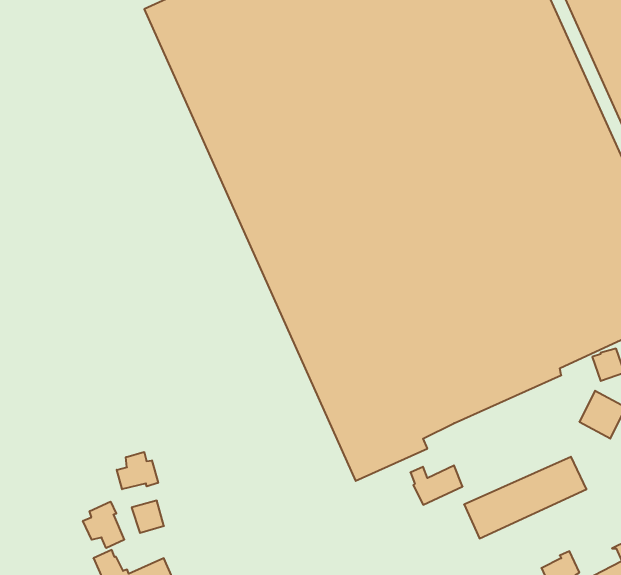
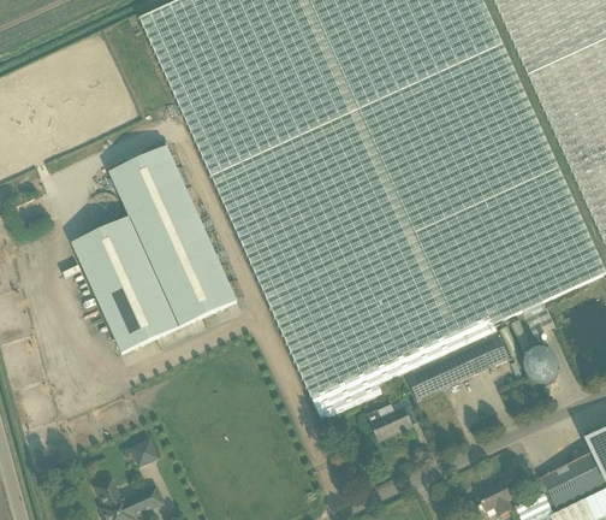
building: none -> [71,144,237,353]
building: [117,452,158,489] -> none
building: [464,457,587,538] -> [404,329,509,398]
building: [83,502,124,548] -> none

